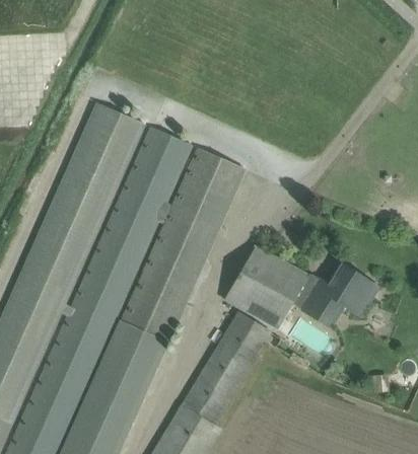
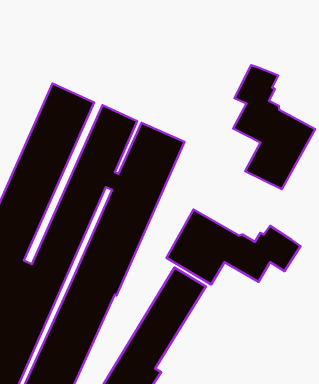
building: none -> [233,65,315,189]

